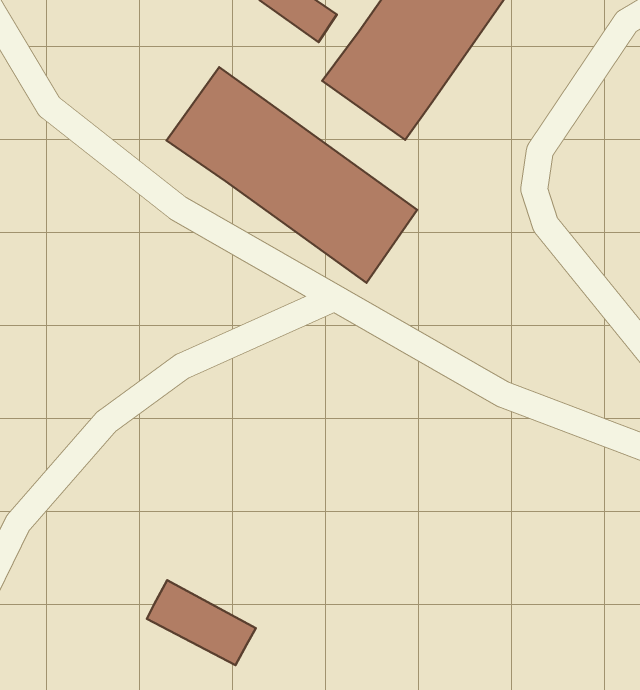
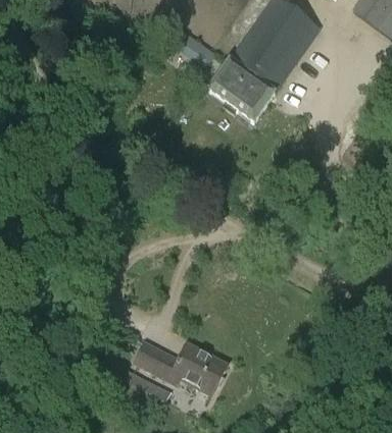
building: [167,67,417,283] -> none
building: none -> [133,340,228,394]

